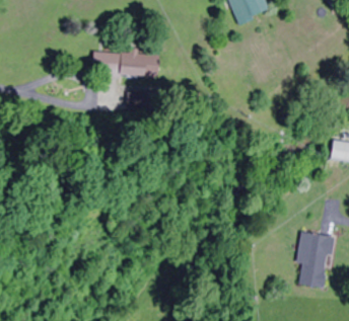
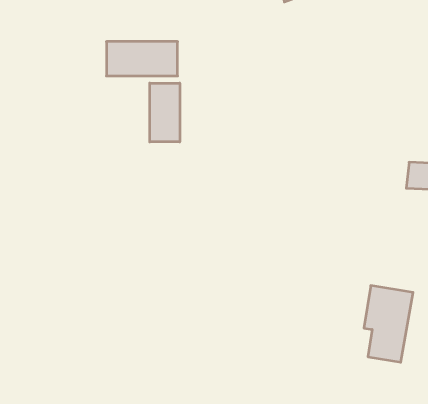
building: none -> [150,83,180,142]

